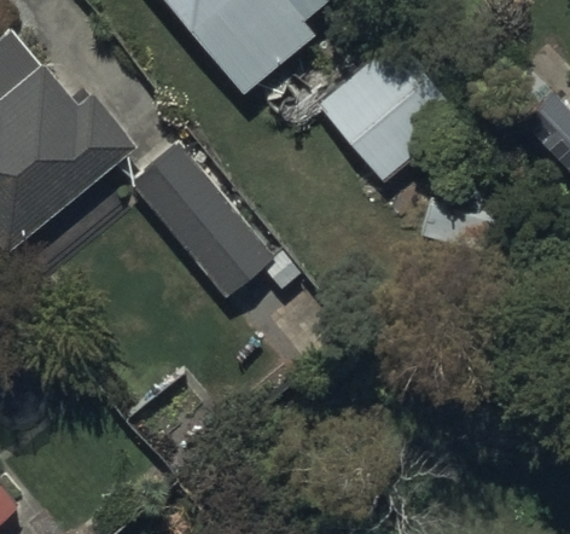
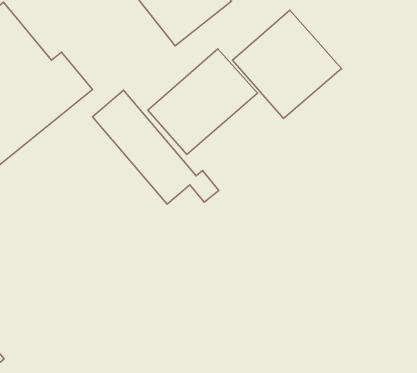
building: none -> [148,49,258,154]

